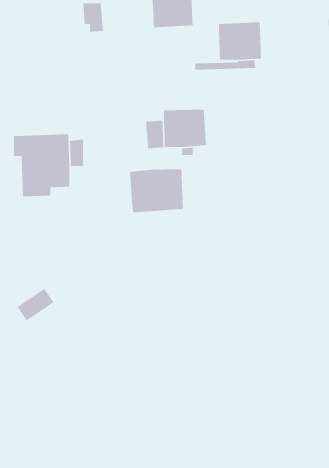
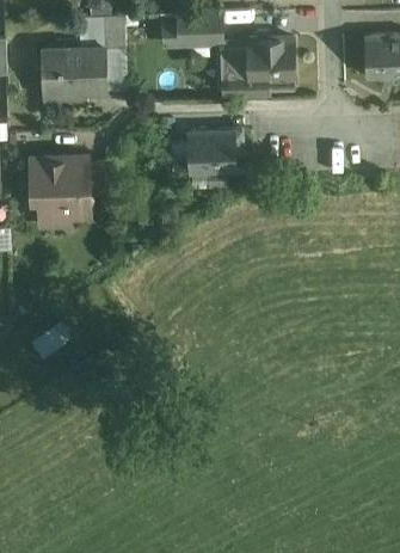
building: none -> [220,47,267,91]
building: none -> [41,49,106,94]
building: [129,168,184,213] -> none

